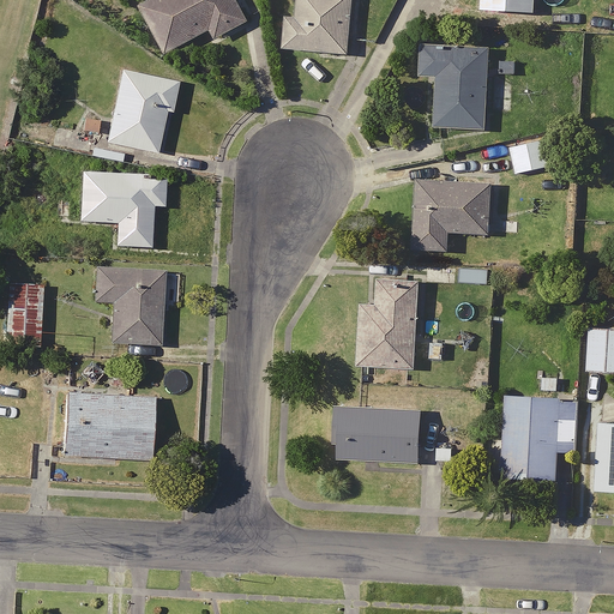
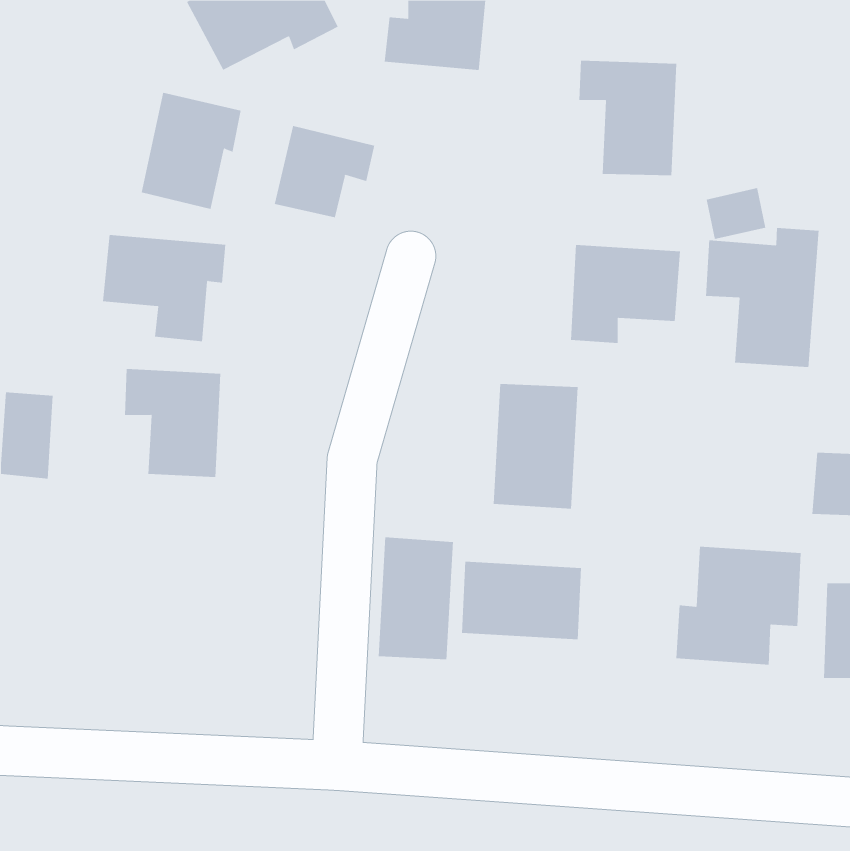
building: none -> [274,125,375,218]
building: none -> [705,227,819,368]
building: none -> [378,537,454,660]
building: [62,392,154,459] -> none

